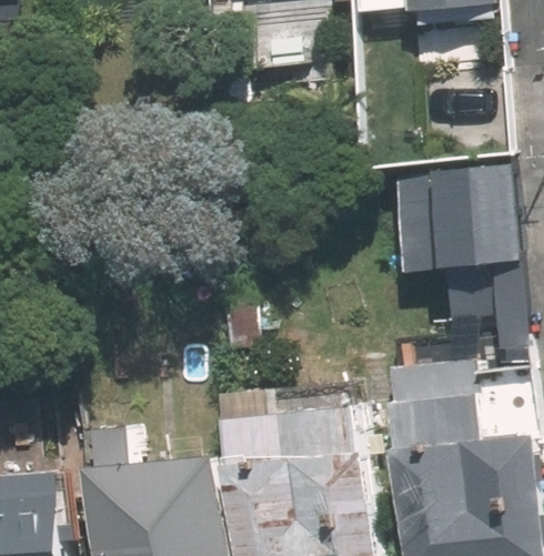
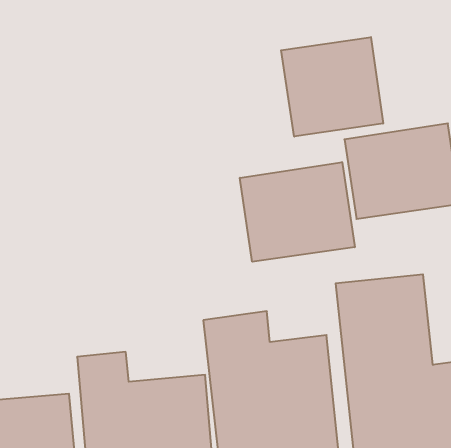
building: none -> [281,37,383,137]
building: none -> [240,162,355,262]

